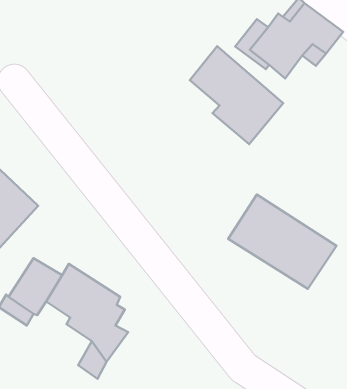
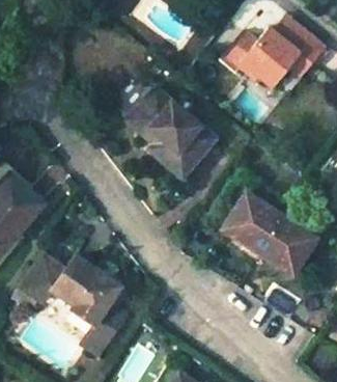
building: [190,46,283,144] -> [129,88,214,178]

